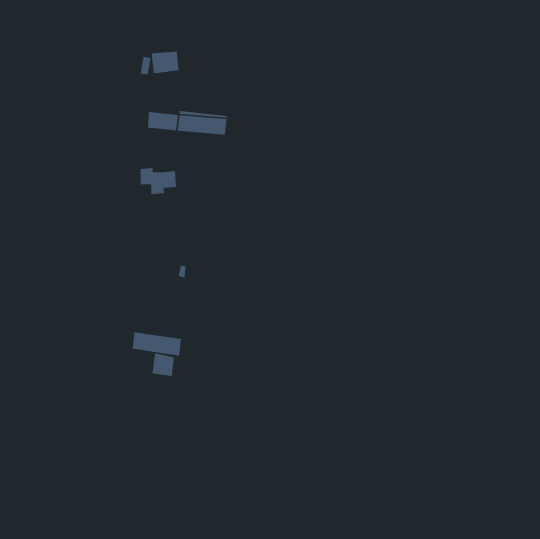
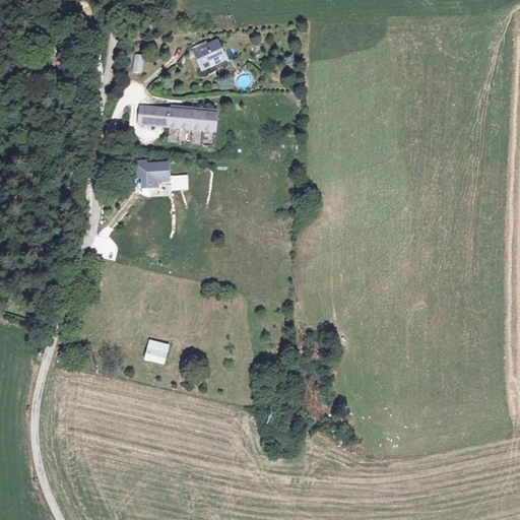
building: [151,51,180,74] -> [193,41,220,63]
building: [132,331,182,356] -> none

